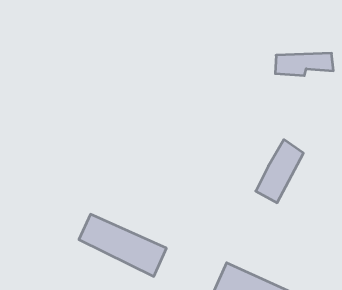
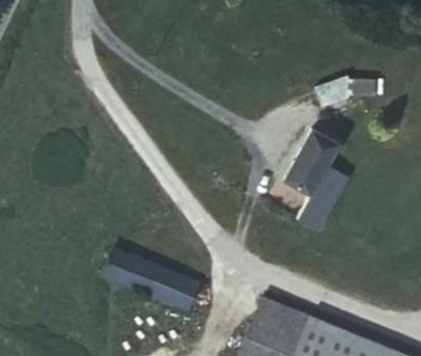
building: none -> [285,133,337,197]

